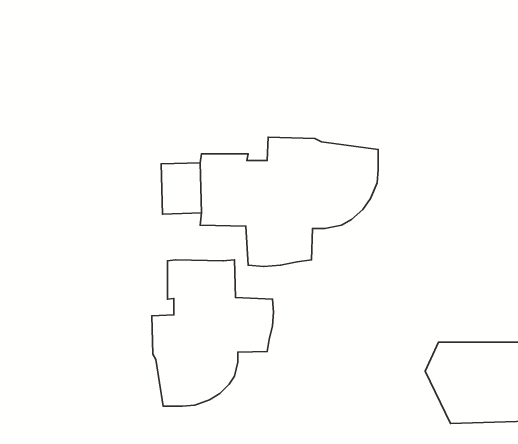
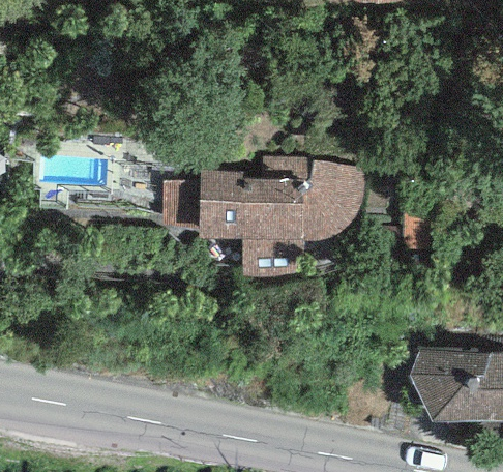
building: [152,260,273,406] -> none

